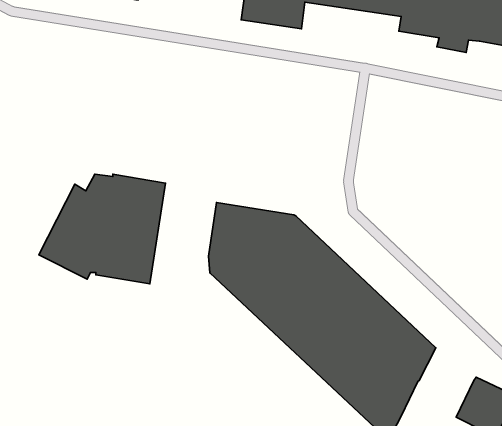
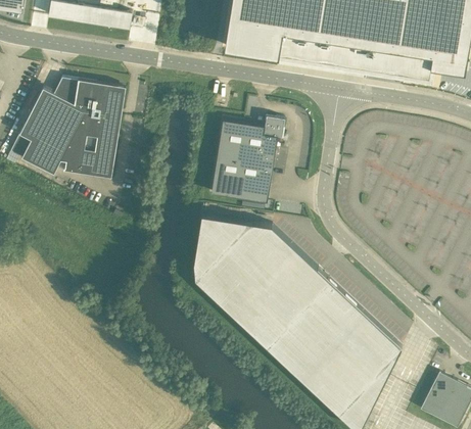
building: none -> [209,115,283,200]
building: [39,174,165,284] -> [9,78,125,178]

